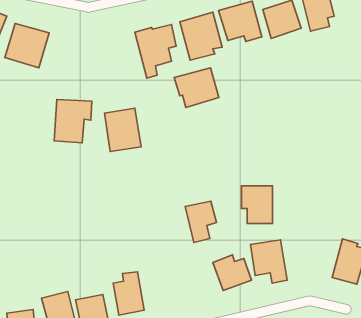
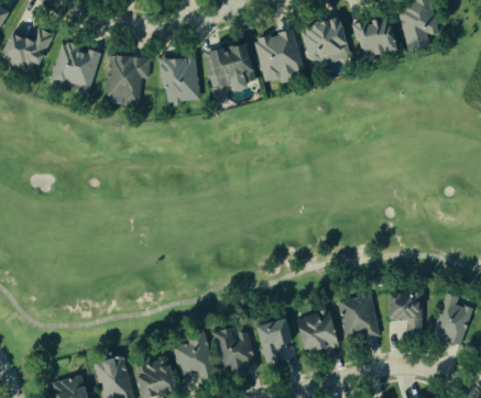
building: [174,68,219,108] -> none
building: [54,99,92,143] -> [107,55,151,106]
building: [105,108,141,152] -> [160,54,203,104]
building: [241,186,273,223] -> [386,292,423,336]
building: [185,201,216,242] -> [255,318,292,366]
building: none -> [214,325,258,374]

